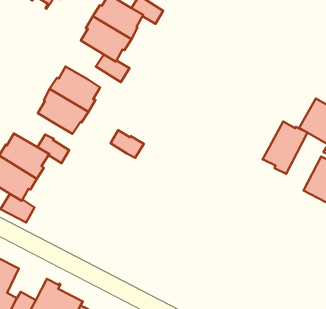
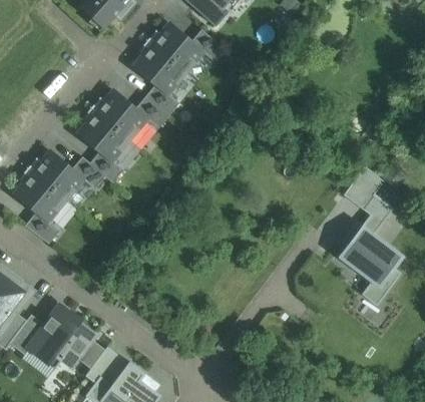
building: none -> [135,96,168,128]
building: [263,122,308,174] -> none
building: [110,130,144,158] -> [89,152,123,183]

